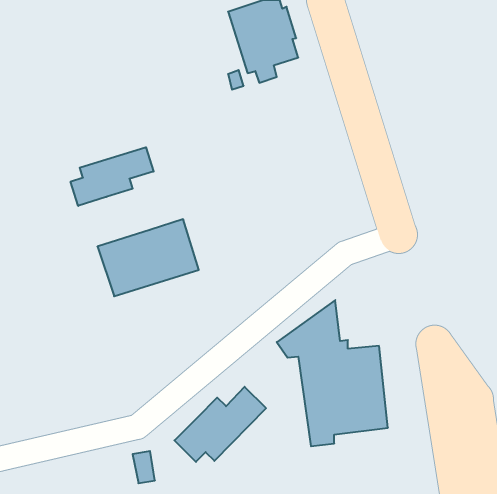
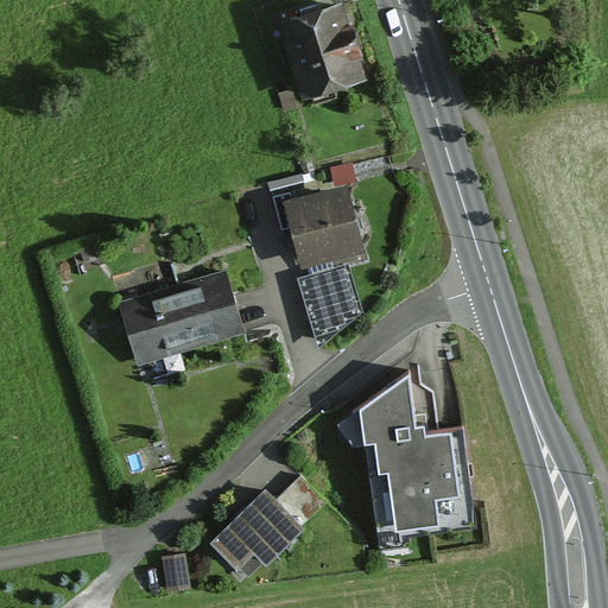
building: none -> [273,183,360,262]
building: [71,147,154,206] -> none
building: none -> [296,265,360,349]

